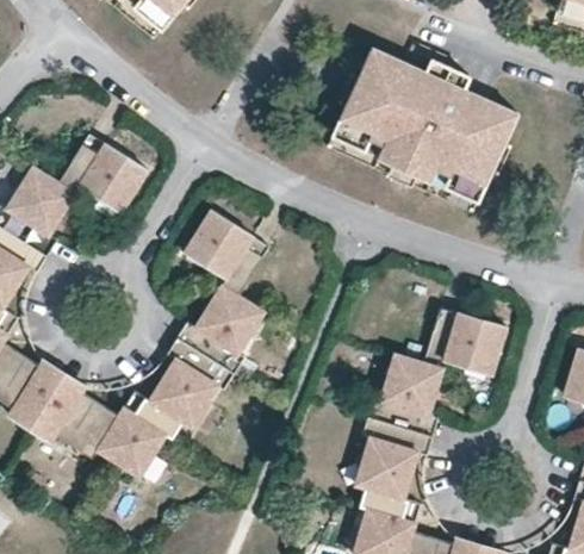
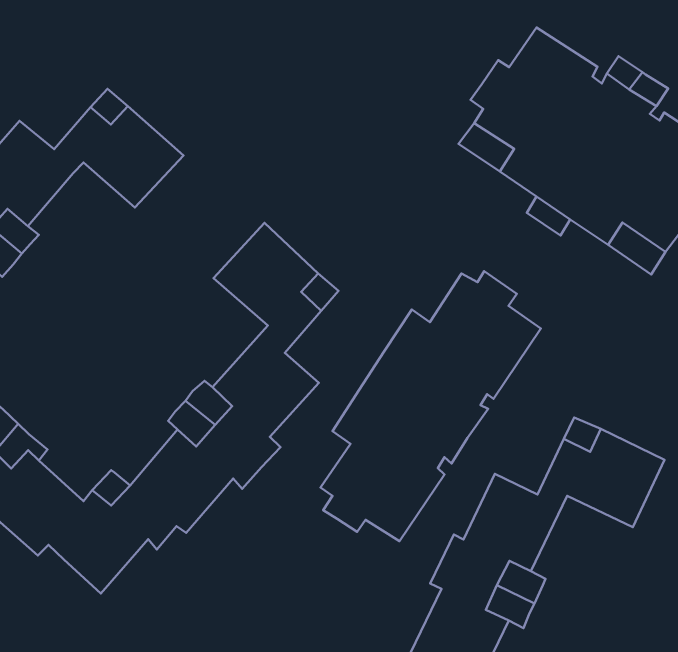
building: none -> [321,271,541,541]

